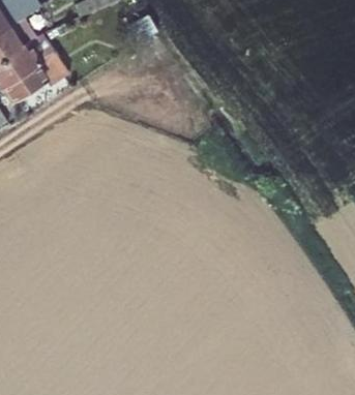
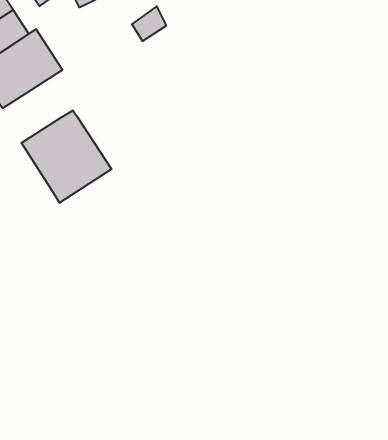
building: none -> [22,110,111,203]

